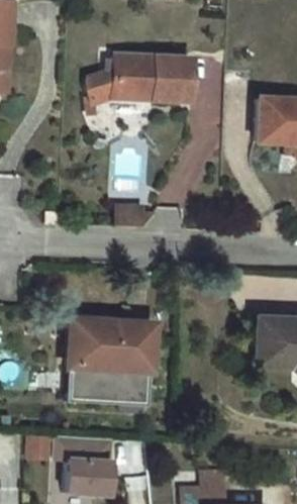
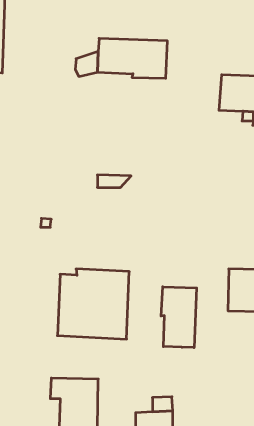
building: none -> [161,287,197,348]

